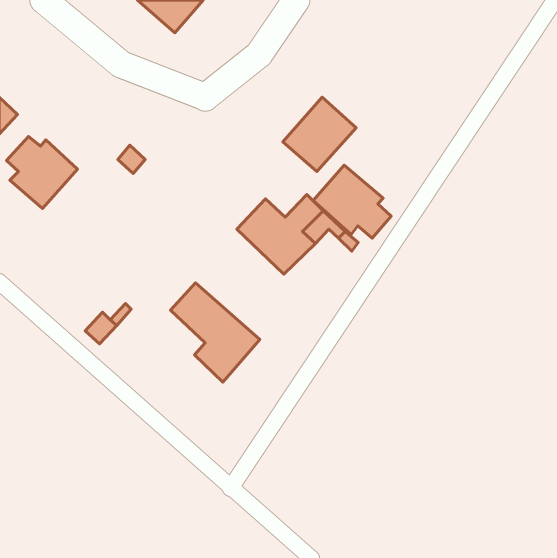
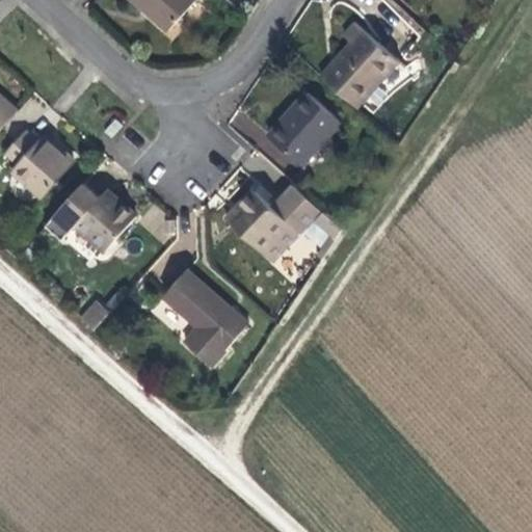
building: none -> [321,23,397,106]
building: [313,165,391,238] -> none
building: none -> [46,183,135,249]

